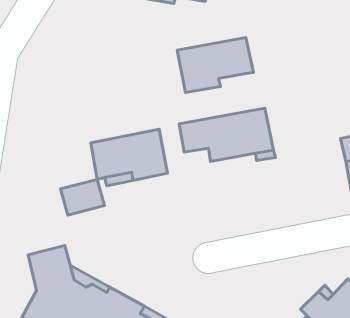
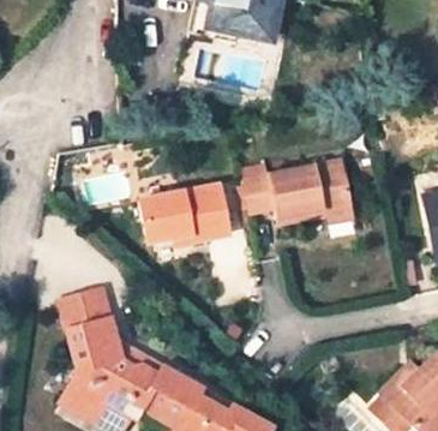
building: [177,37,253,93] -> none
building: [61,179,105,215] -> [60,288,110,329]

